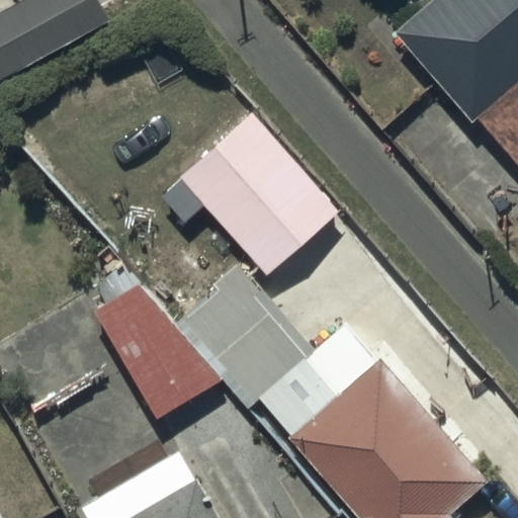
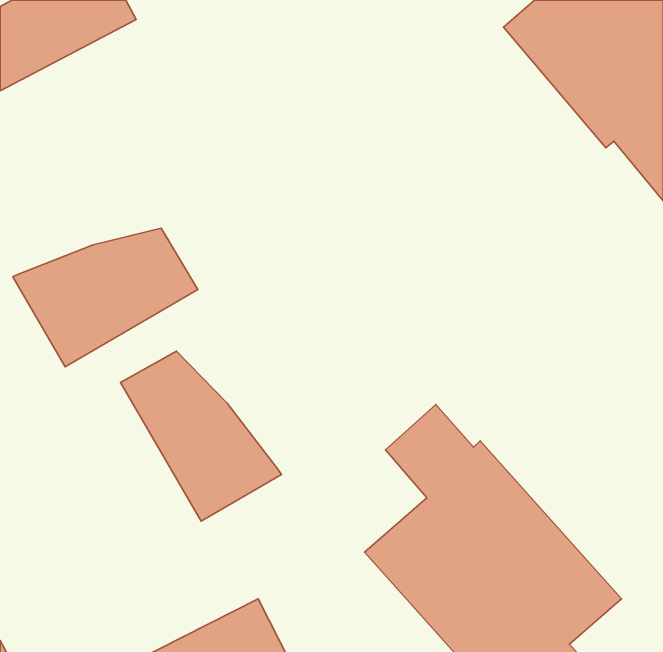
building: [175,111,334,271] -> none
building: none -> [13,228,198,367]

